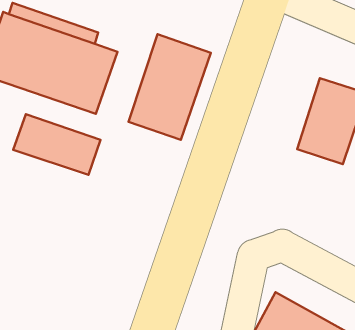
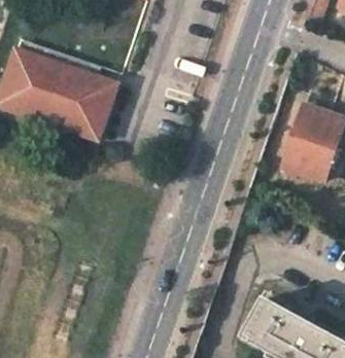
building: [128,34,211,140] -> none
building: [13,114,101,175] -> none

